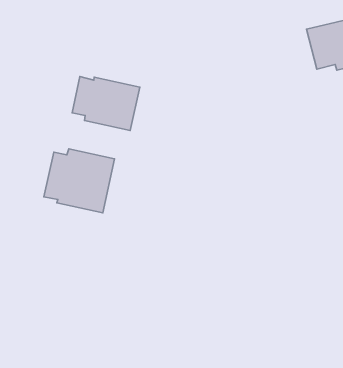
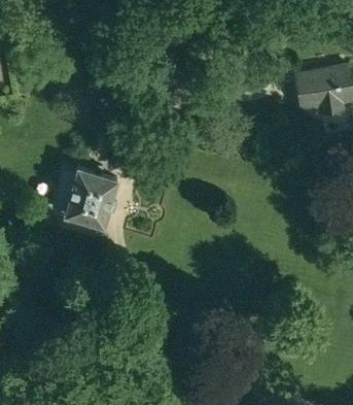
building: [72,77,140,131] -> none

